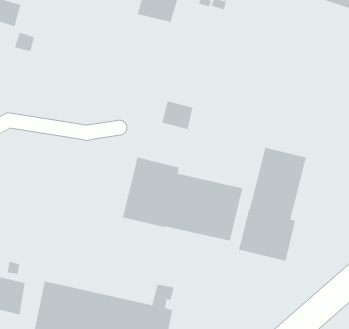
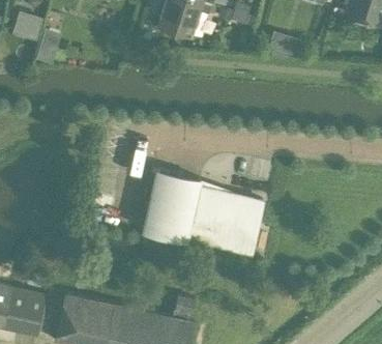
building: [162,101,193,130] -> none
building: [239,147,307,262] -> none

